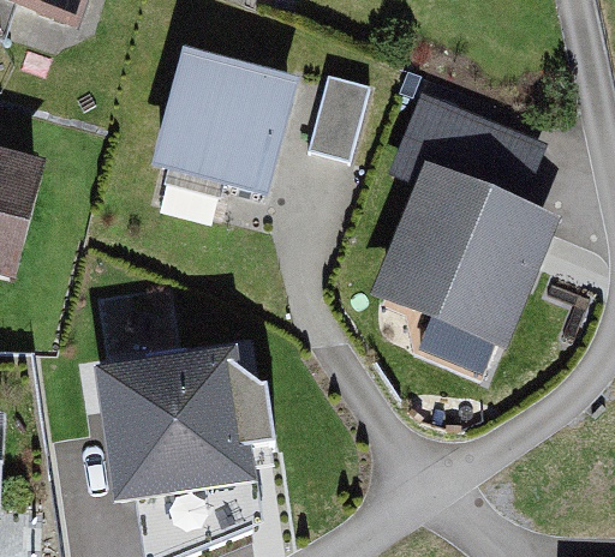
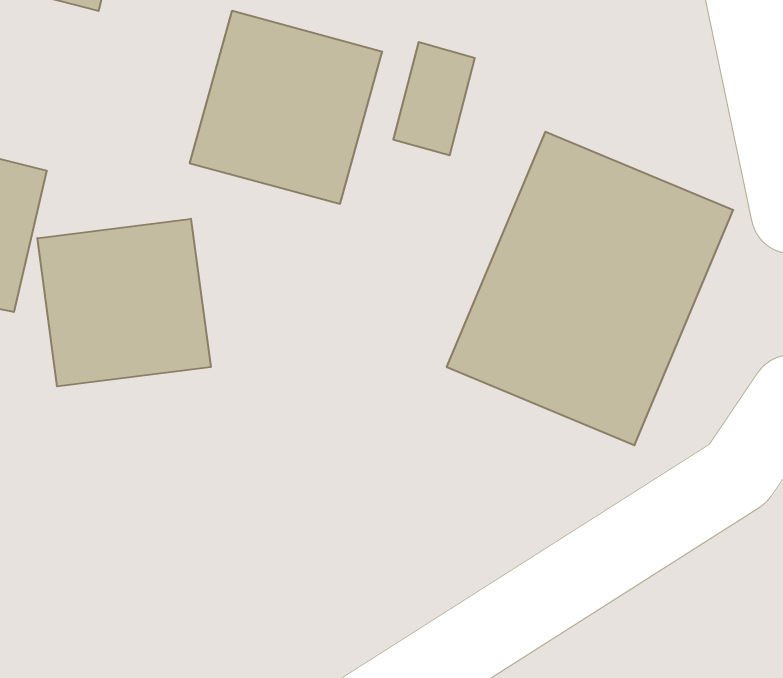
building: none -> [37,219,211,386]
building: [101,369,256,520] -> none

